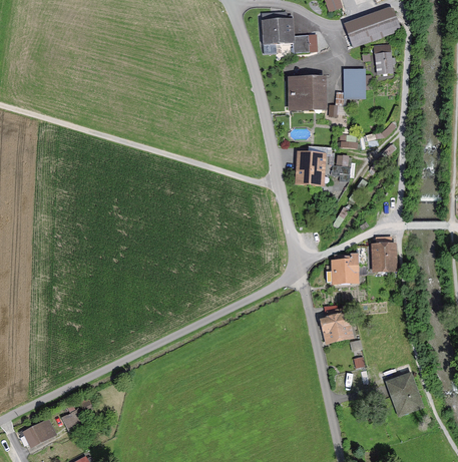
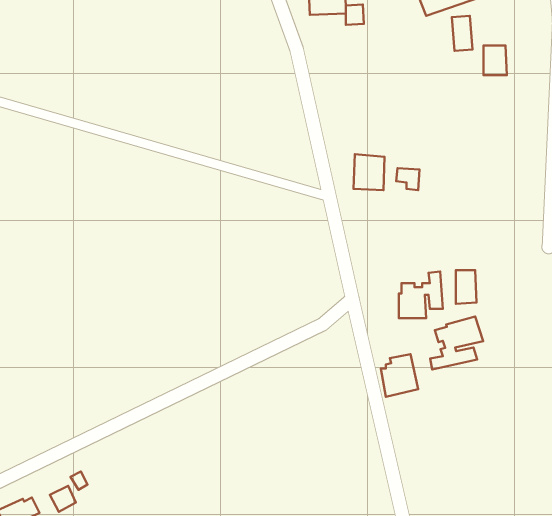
building: [346,72,364,95] -> [483,46,507,75]
building: [290,79,324,108] -> none
building: none -> [430,316,483,369]
building: [387,374,422,413] -> none

